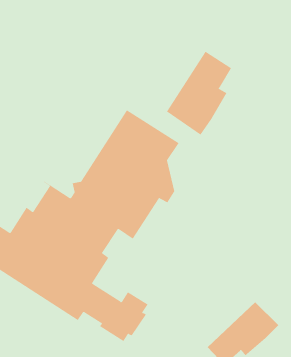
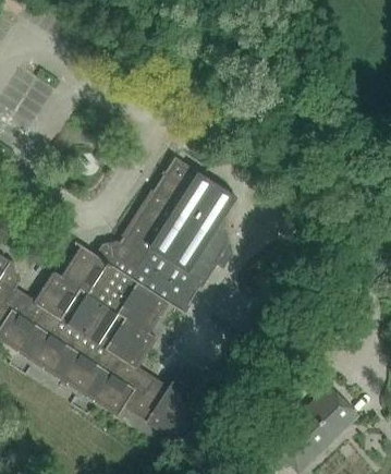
building: [166,51,232,135] -> none

